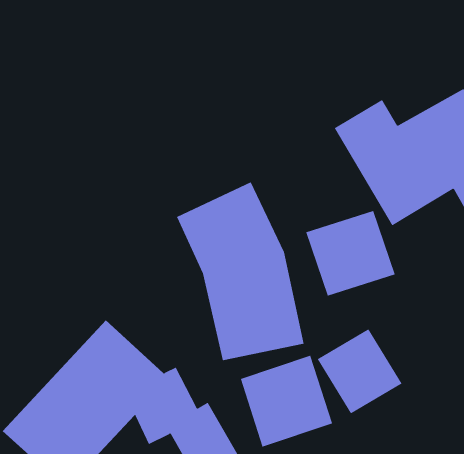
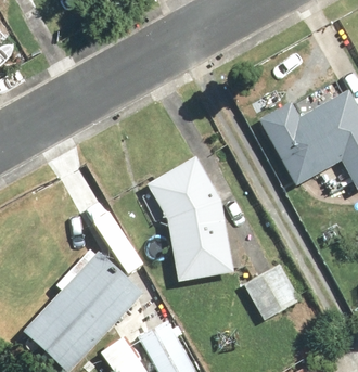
building: [306,210,395,297] -> none
building: [240,355,333,448] -> none

